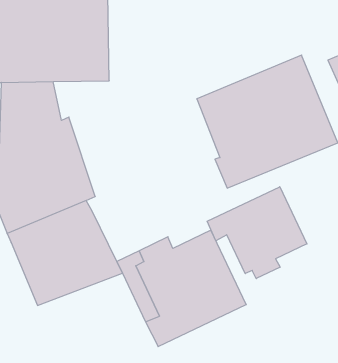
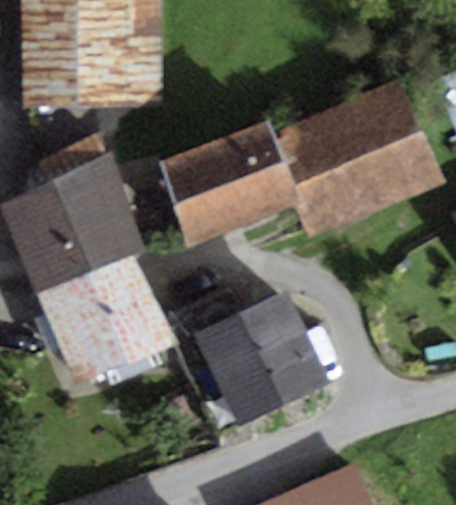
building: none -> [159,120,299,246]
building: [207,187,307,279] -> none

